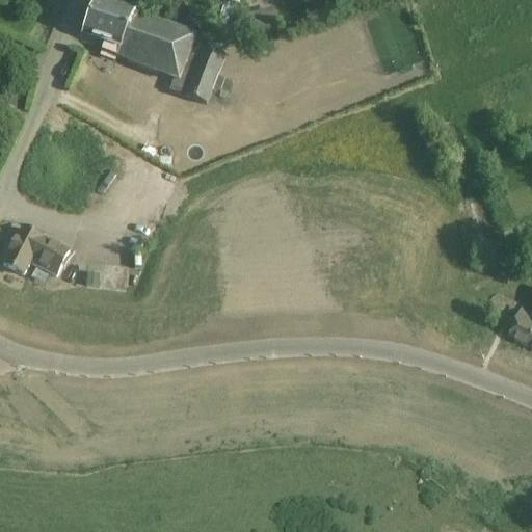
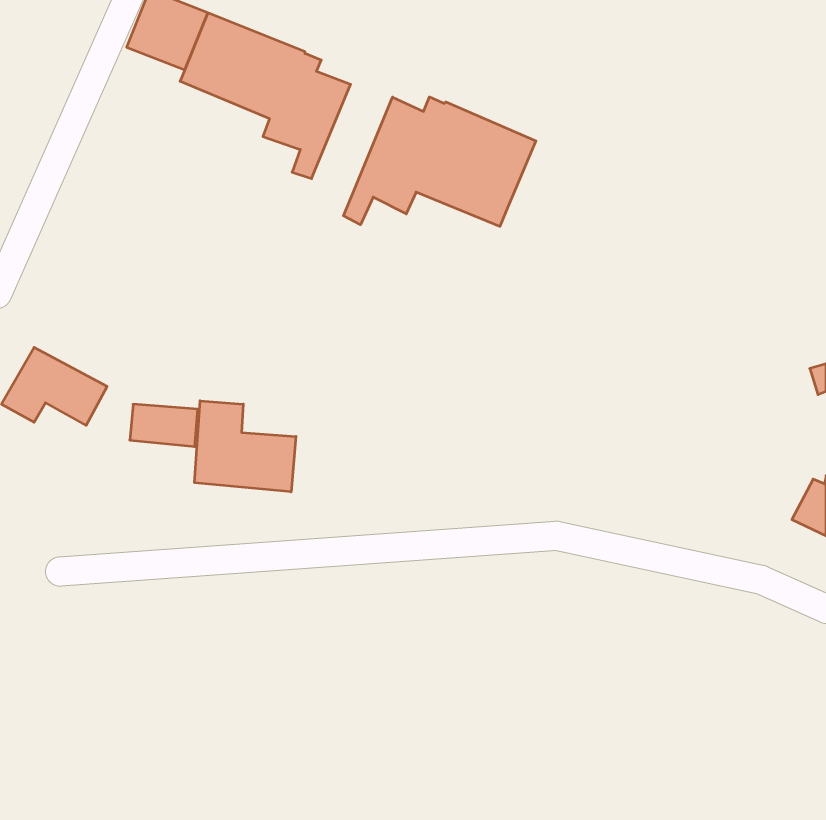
building: none -> [343,97,536,226]
building: none -> [195,401,296,492]

